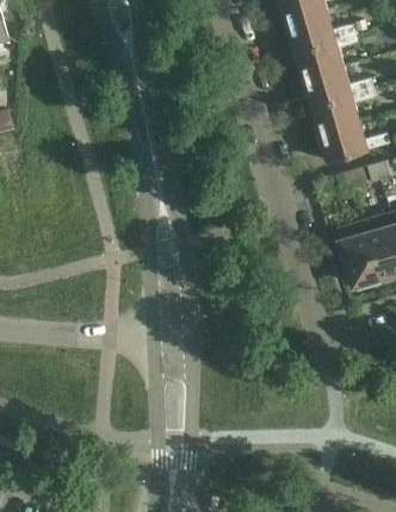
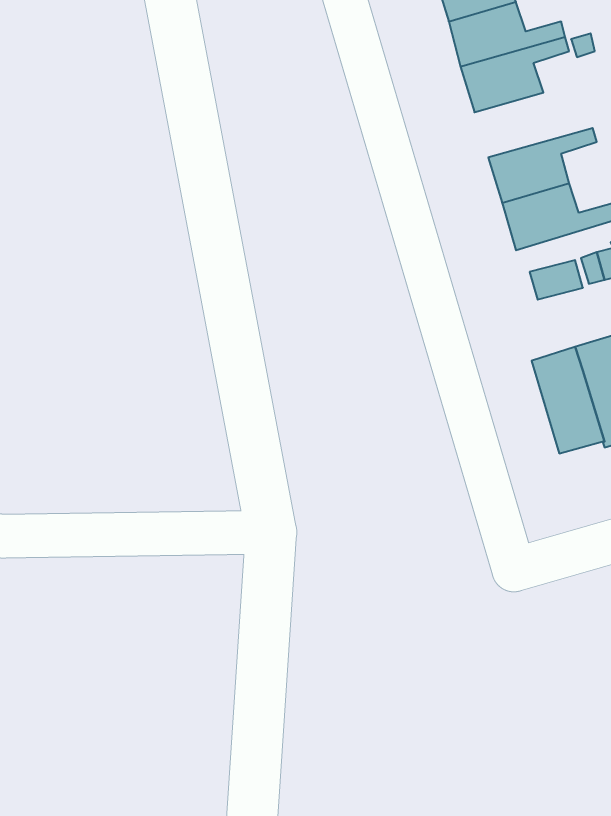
building: [301,69,372,108] -> none

